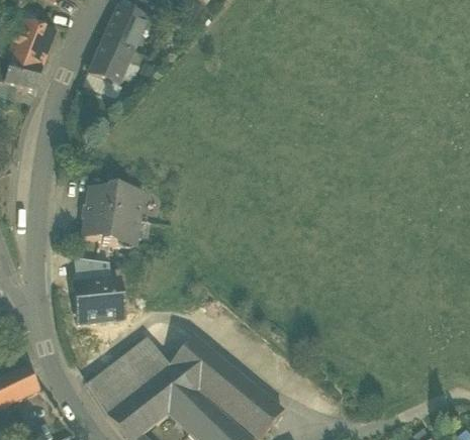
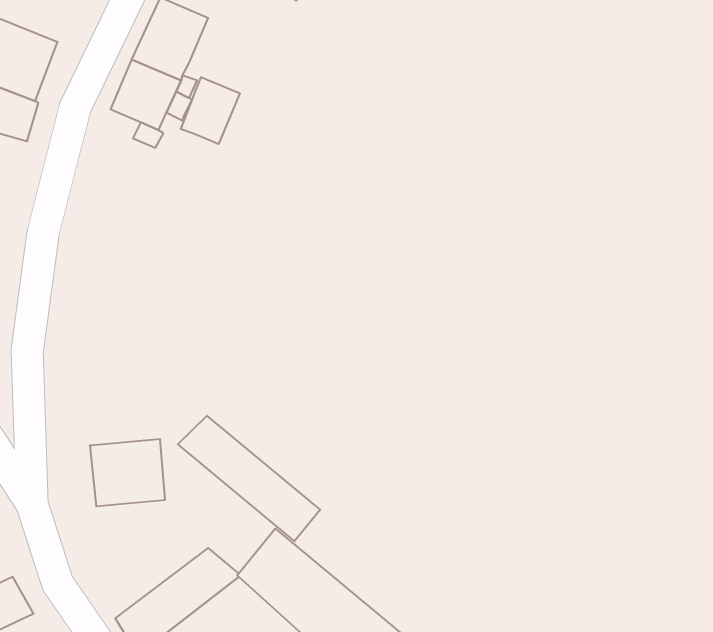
building: none -> [181,77,240,144]
building: [83,189,143,245] -> none
building: [74,256,110,283] -> none
building: none -> [178,416,320,541]

